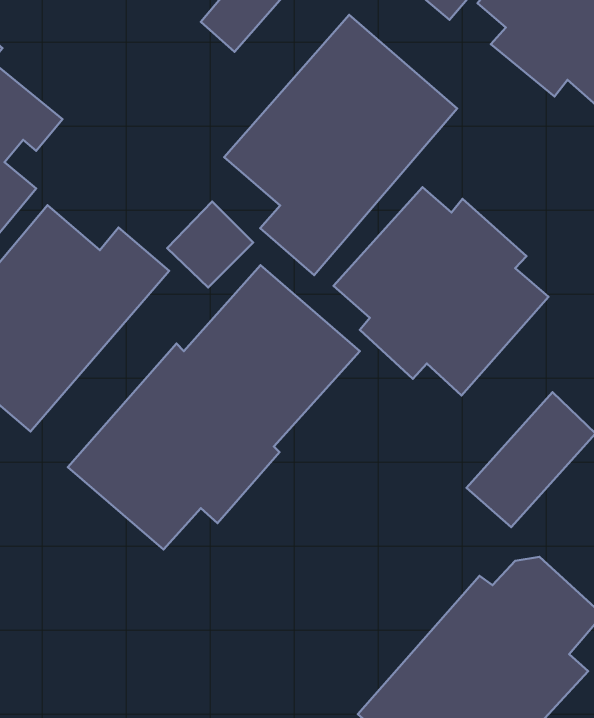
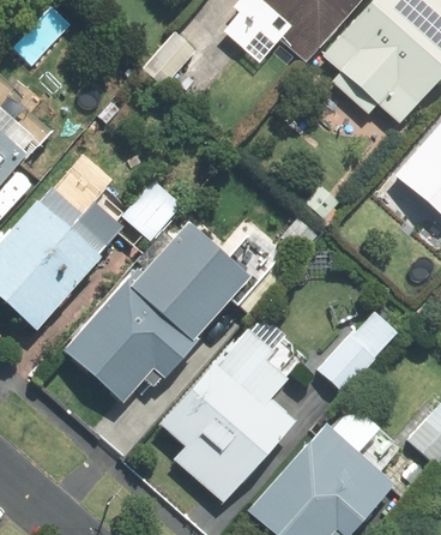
building: [224,15,457,275] -> none
building: [333,187,549,395] -> none
building: none -> [158,313,304,504]

